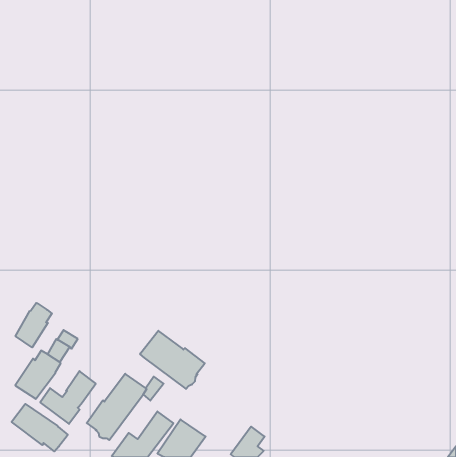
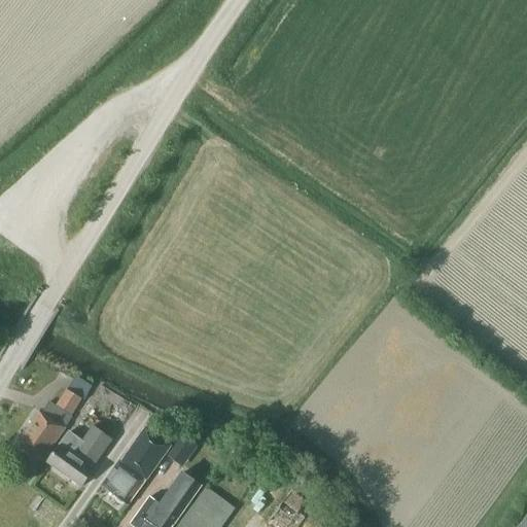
building: [16,303,52,347] -> none
building: [140,331,205,389] -> none
building: [12,404,68,451] -> none

